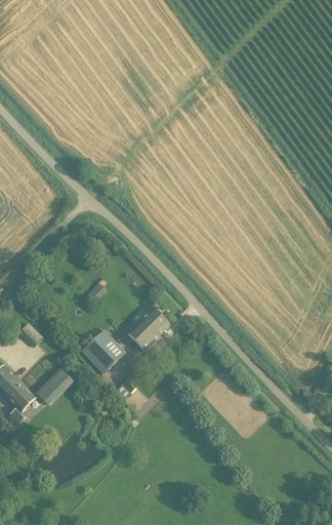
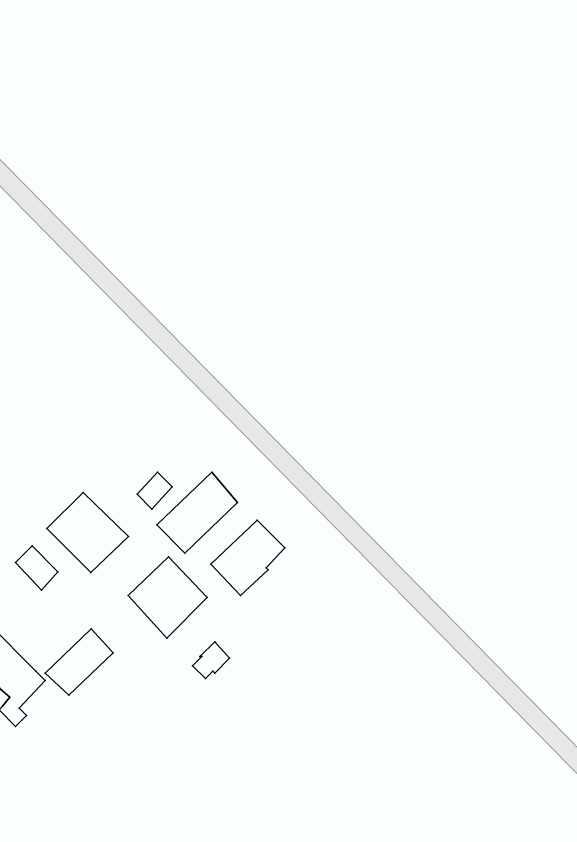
building: none -> [157,472,238,553]
building: none -> [47,493,129,572]

